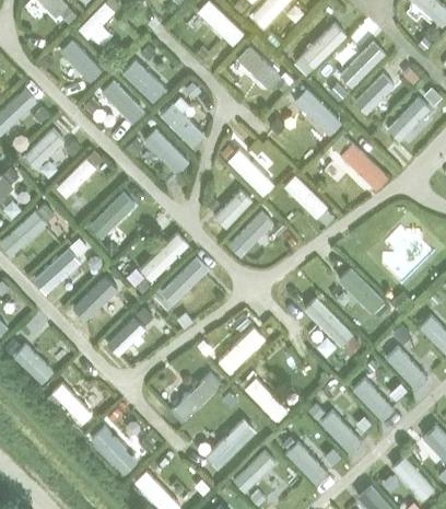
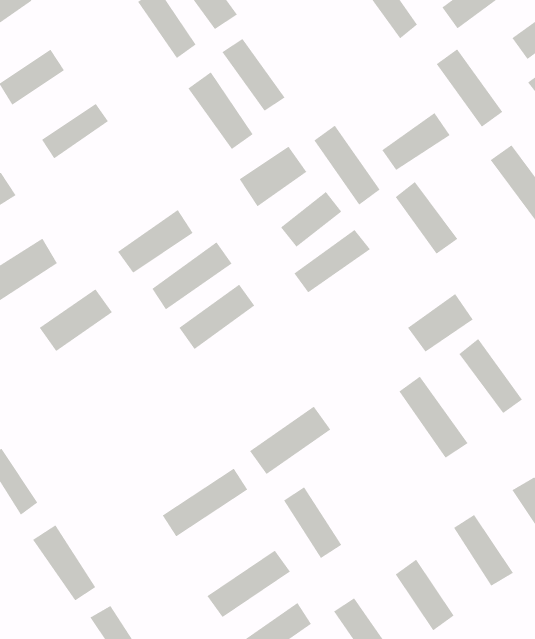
building: none -> [381,112,451,171]
building: none -> [239,146,307,207]
building: [87,193,133,238] -> [117,209,194,274]
building: none -> [407,293,473,353]
building: [105,317,144,357] -> none

